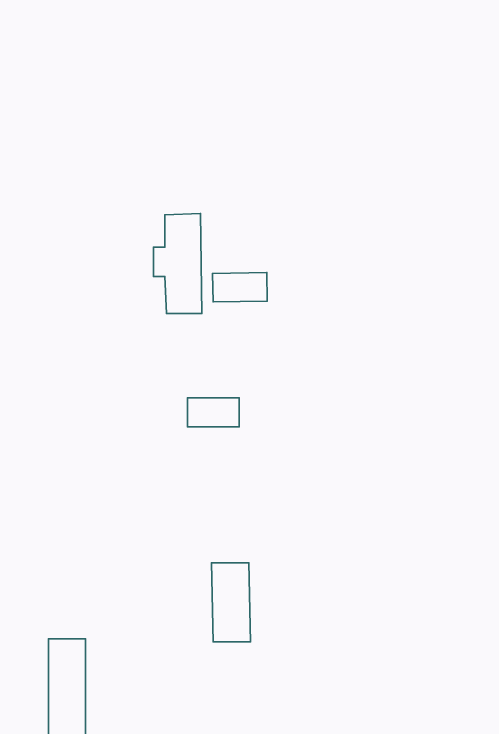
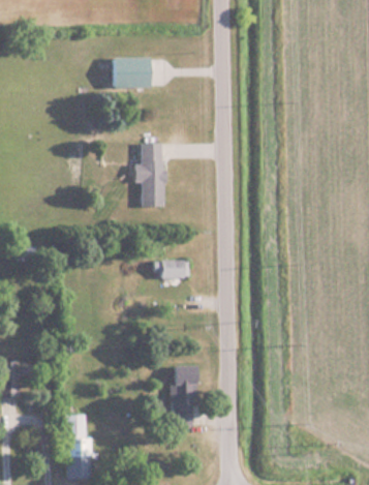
building: none -> [113,58,153,88]
building: [213,272,267,302] -> none

